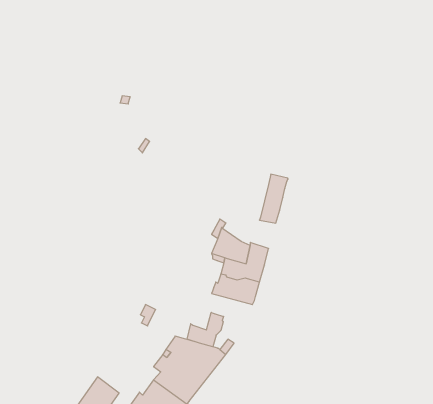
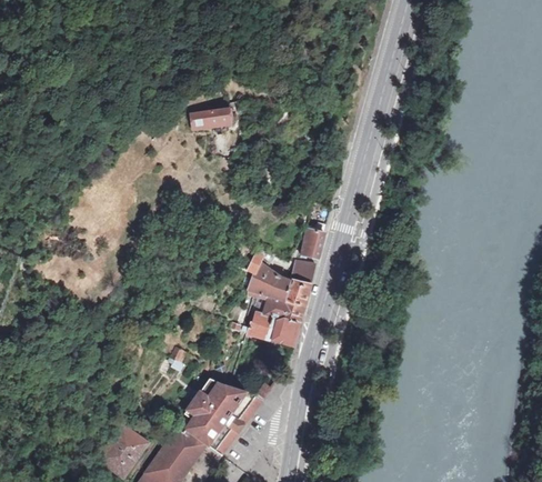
building: none -> [190,108,232,129]
building: none -> [289,258,315,284]
building: [187,312,224,347] -> none

